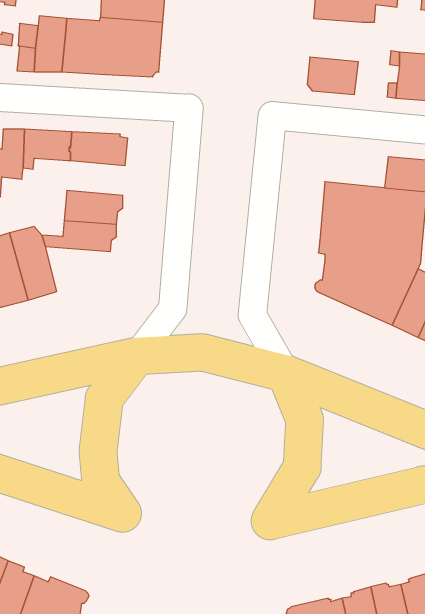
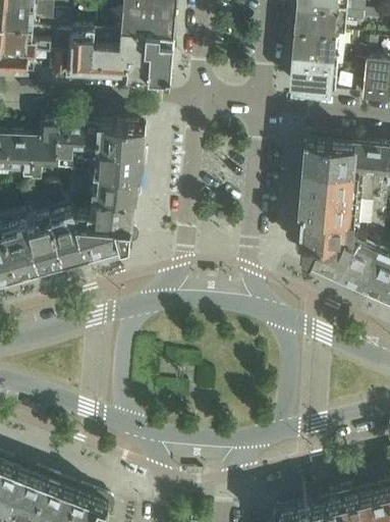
building: none -> [292,32,335,67]
building: none -> [304,142,356,170]
building: none -> [94,148,142,176]
building: none -> [76,218,134,255]

